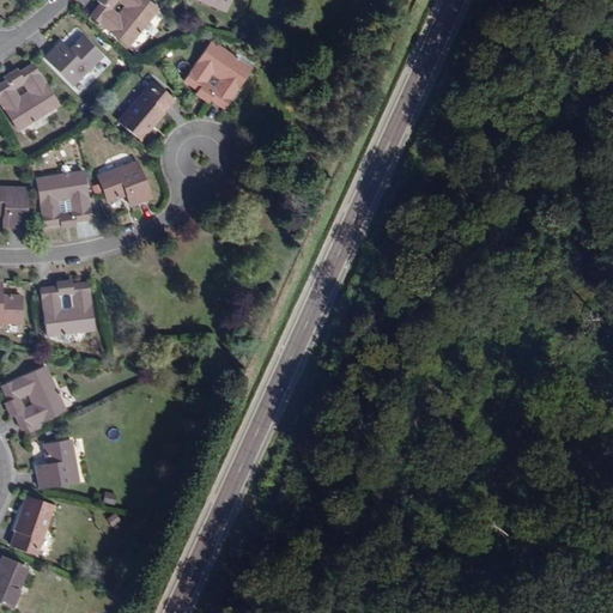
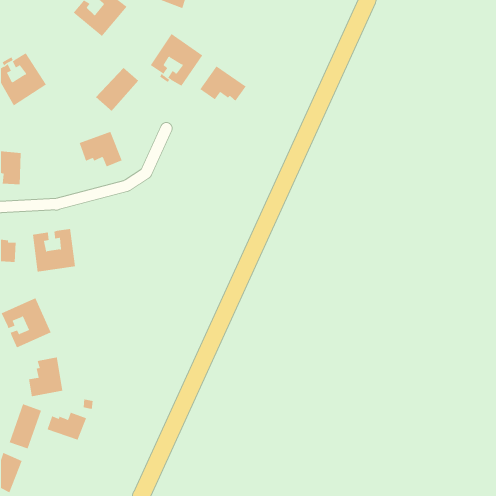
building: [44,38,103,85] -> none
building: none -> [199,65,247,101]
building: [36,171,91,225] -> none
building: none -> [47,412,87,440]

